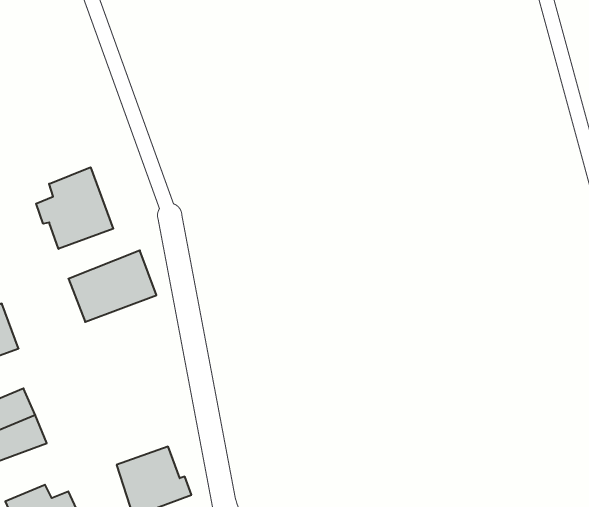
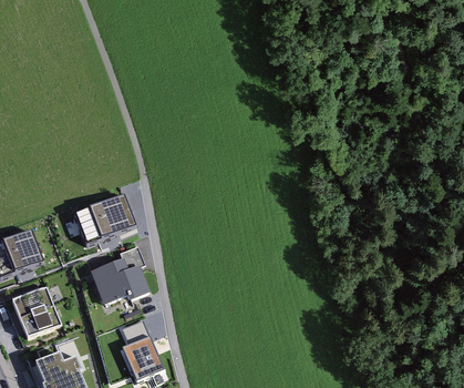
building: [36,167,113,249] -> none
building: none -> [93,261,145,298]

